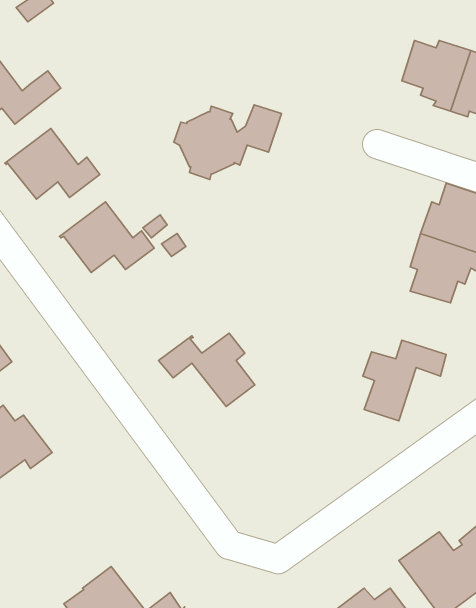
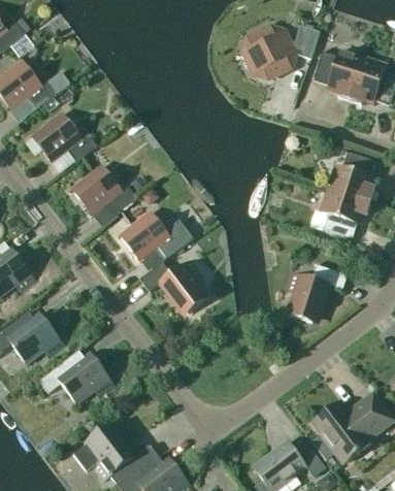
building: [174,105,282,180] -> [243,25,321,78]
building: none -> [118,210,194,261]
building: none -> [39,351,114,403]

